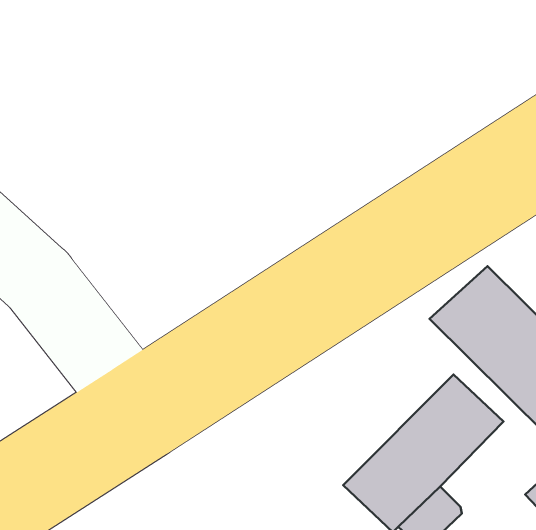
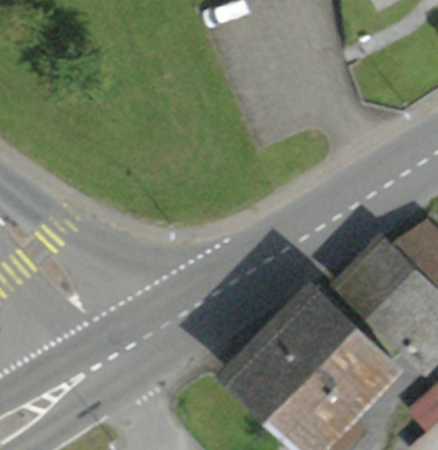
building: none -> [233,283,354,404]

